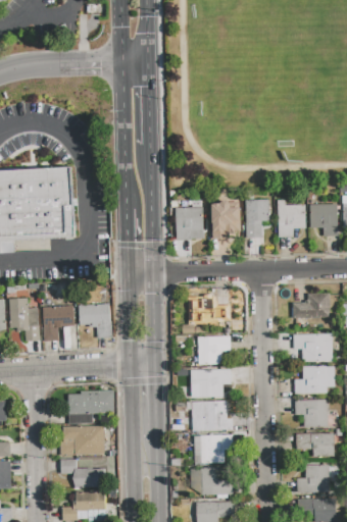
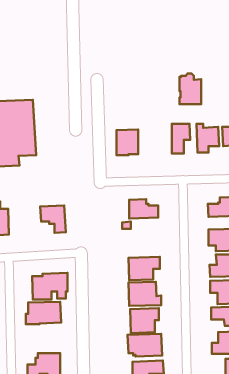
building: [212,200,240,239] -> [180,74,201,104]
building: [43,305,75,349] -> none
building: [198,335,230,366] -> none
building: [60,460,106,489] -> none

